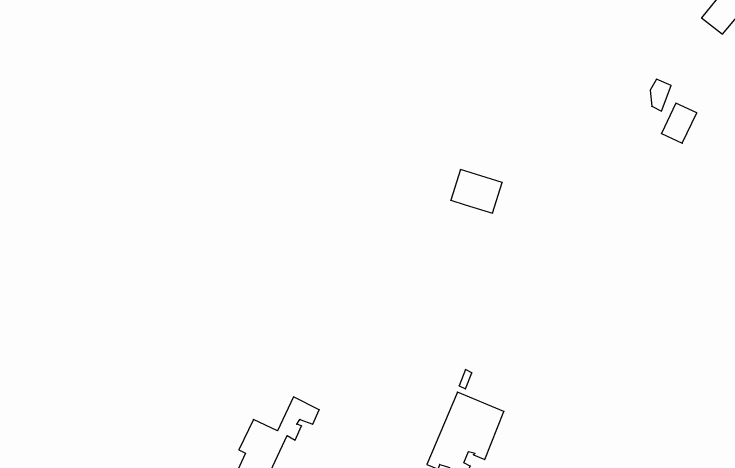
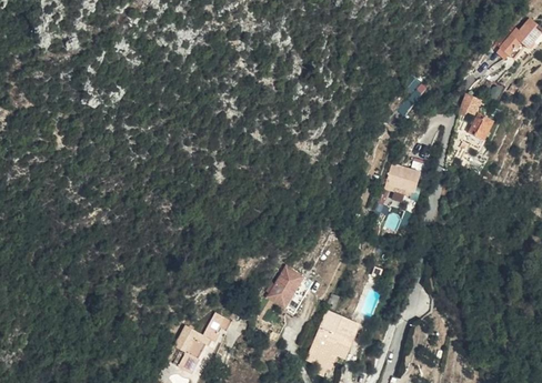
building: [451,170,502,213] -> [384,164,420,194]
building: none -> [263,264,304,310]

